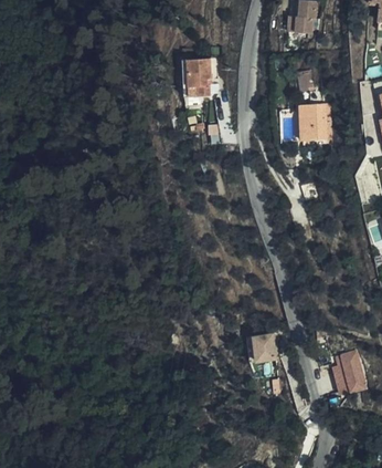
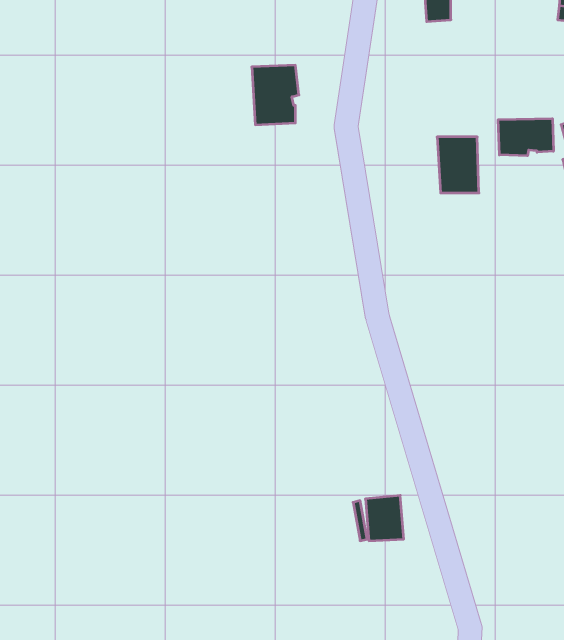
building: none -> [498,119,553,156]
building: [335,354,363,394] -> none

